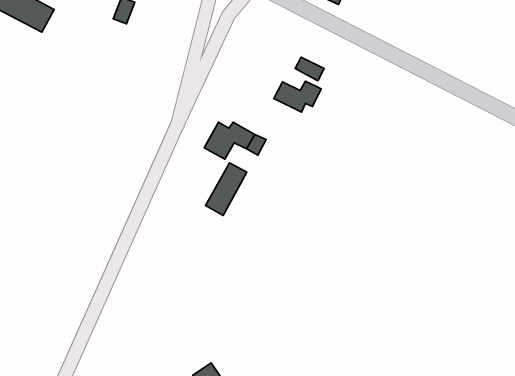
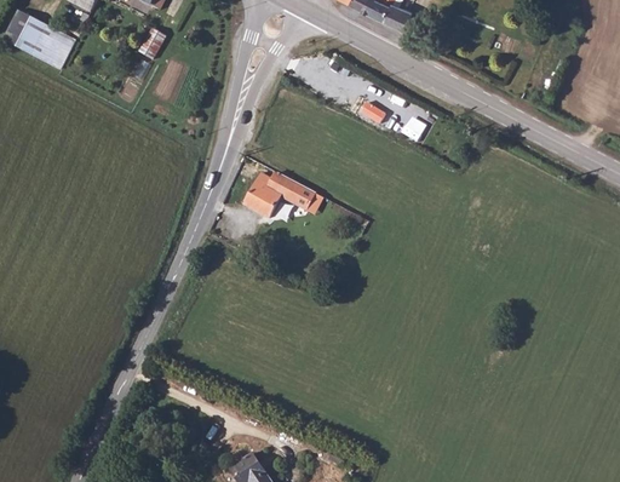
building: [274,81,321,112] -> none
building: [205,163,247,216] -> none

